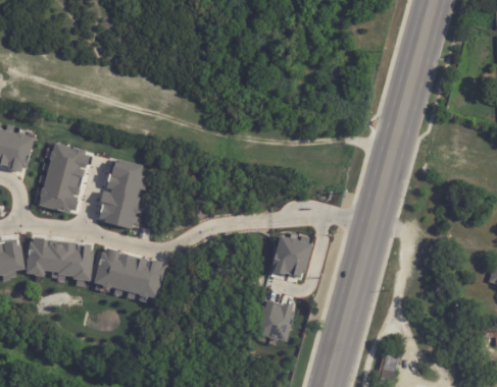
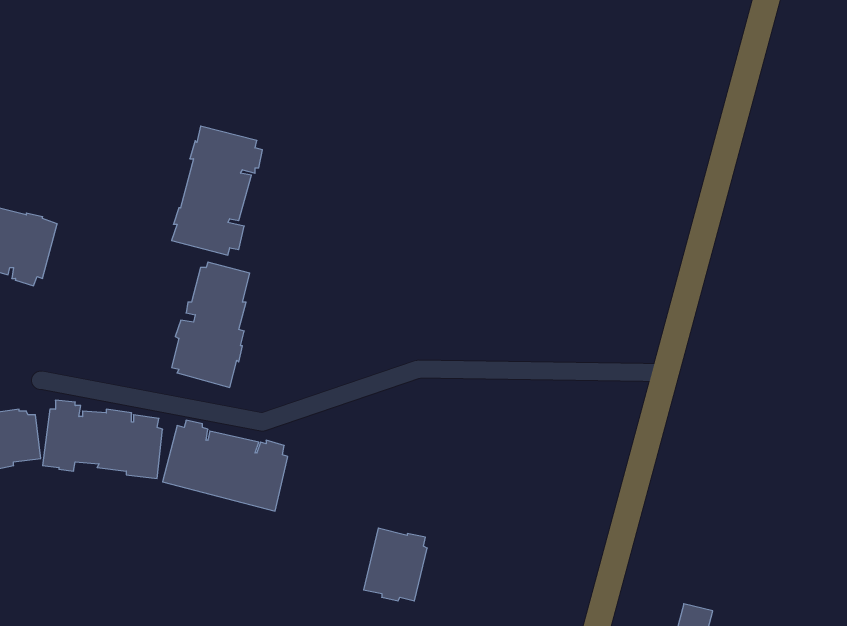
building: [38,142,89,214] -> [172,126,262,255]
building: [271,234,311,277] -> none
building: [257,300,293,341] -> [364,528,427,601]

